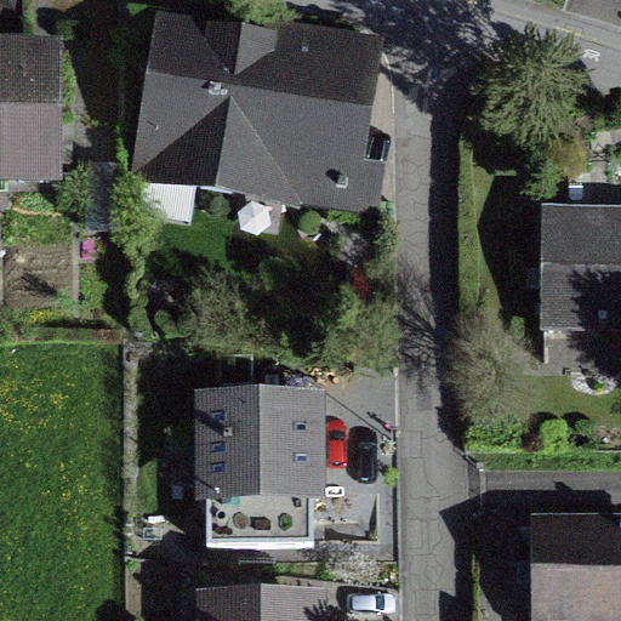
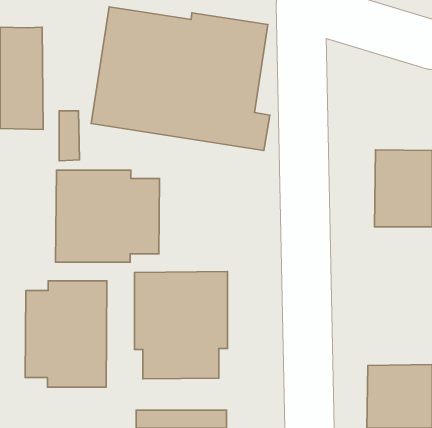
building: none -> [56,170,160,262]
building: none -> [25,281,107,387]

